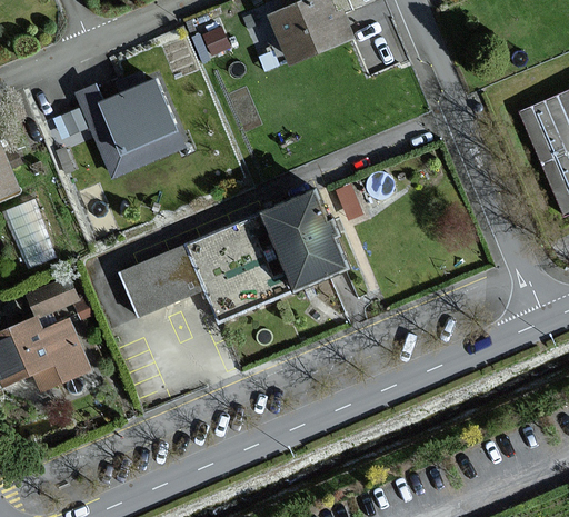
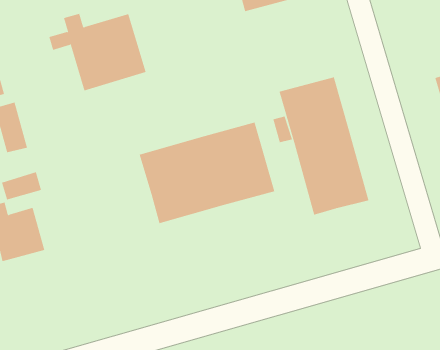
building: none -> [279,76,369,215]
building: [121,243,204,316] -> none

